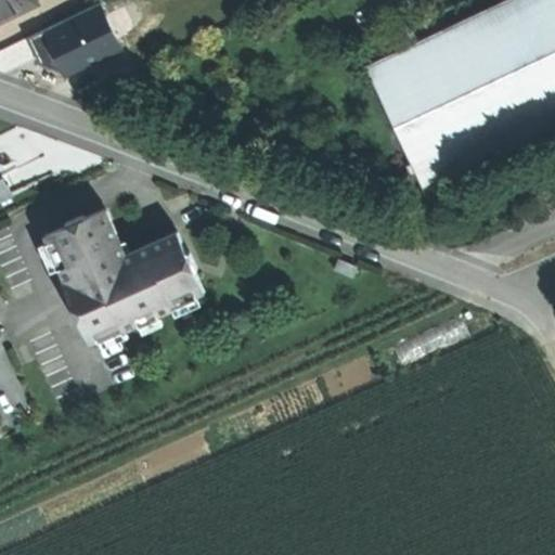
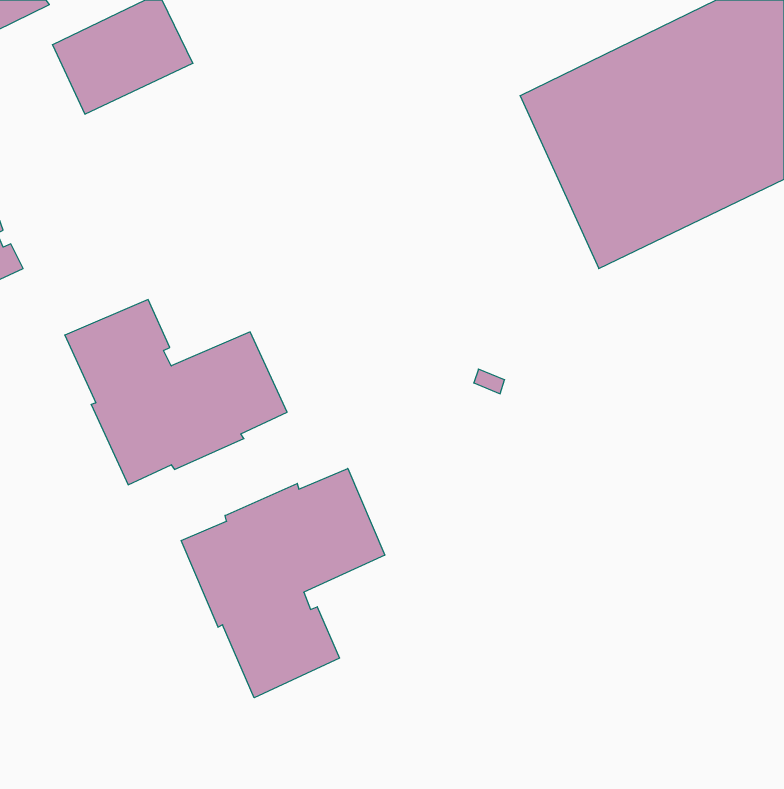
building: none -> [181,468,385,698]

